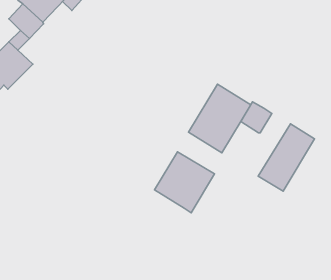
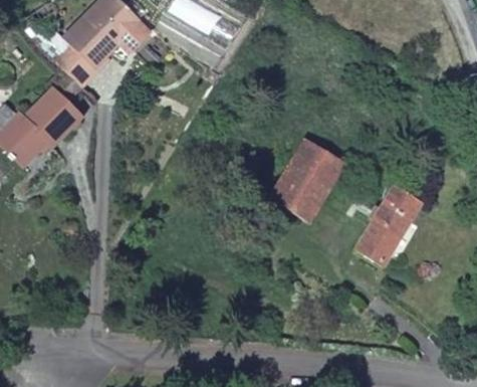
building: [241,102,272,133] -> none
building: [155,152,215,213] -> none

